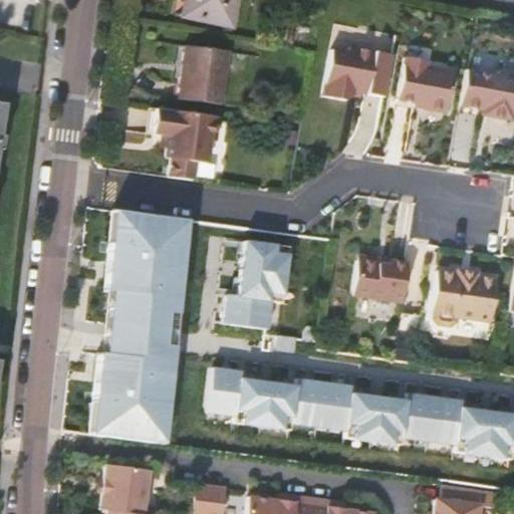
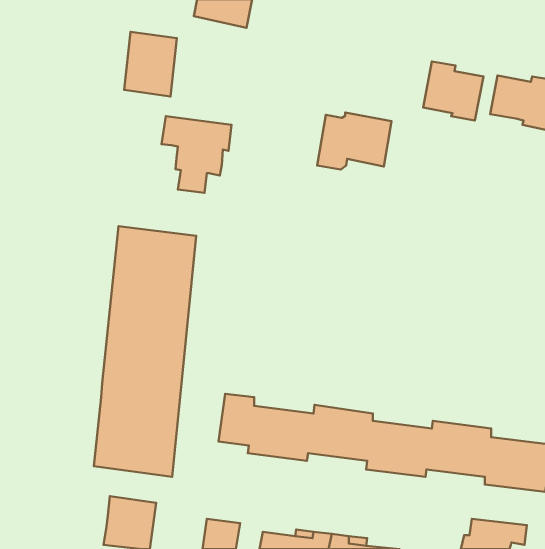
building: [182,44,231,104] -> [124,32,177,96]
building: [325,48,395,101] -> [317,113,391,170]
building: [225,242,290,329] -> none
building: [354,256,410,302] -> none
building: [433,271,499,326] -> none

